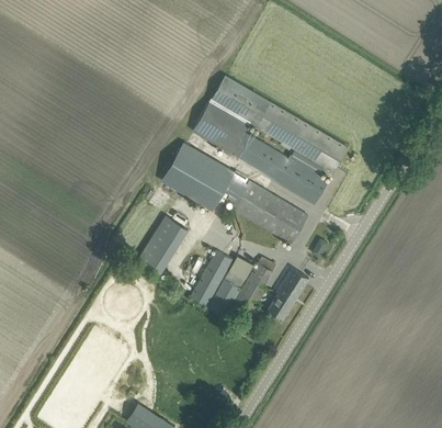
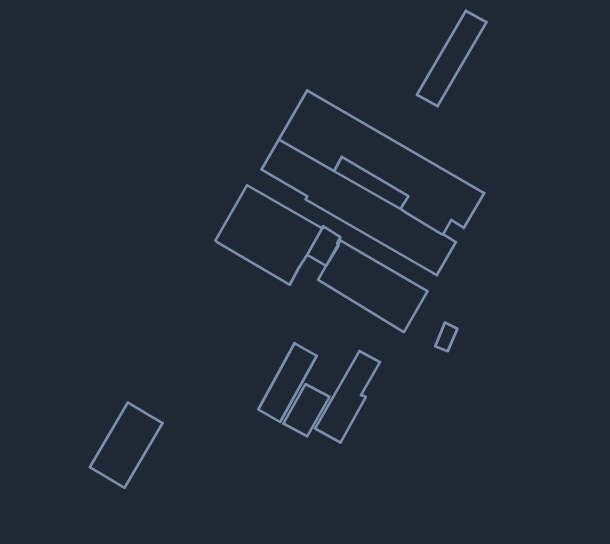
building: none -> [417,11,487,106]
building: [140,213,191,272] -> [90,403,163,488]
building: [224,256,252,286] -> none
building: [267,267,308,318] -> none

